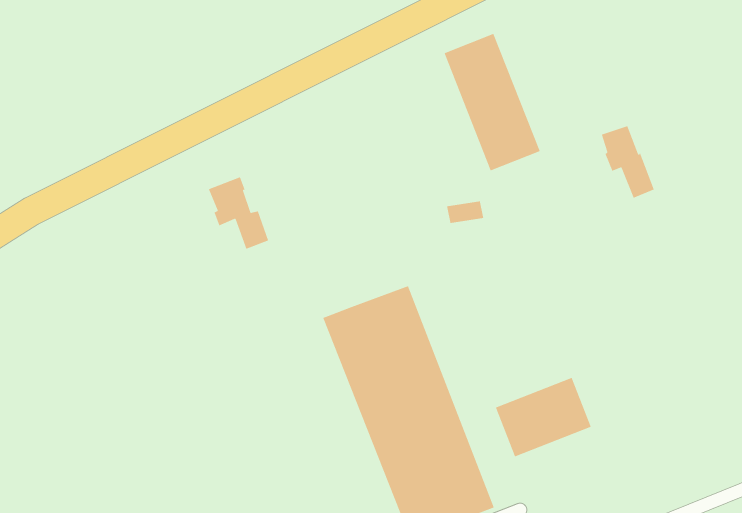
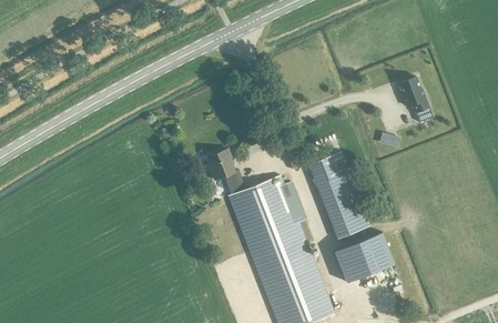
building: [444,33,541,171] -> [309,153,369,239]
building: [208,176,269,250] -> [207,150,245,195]

